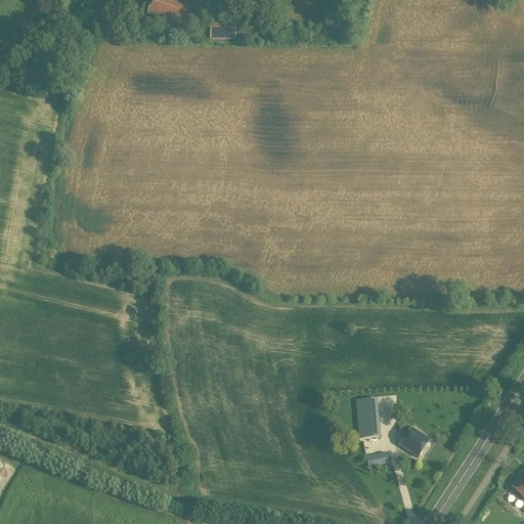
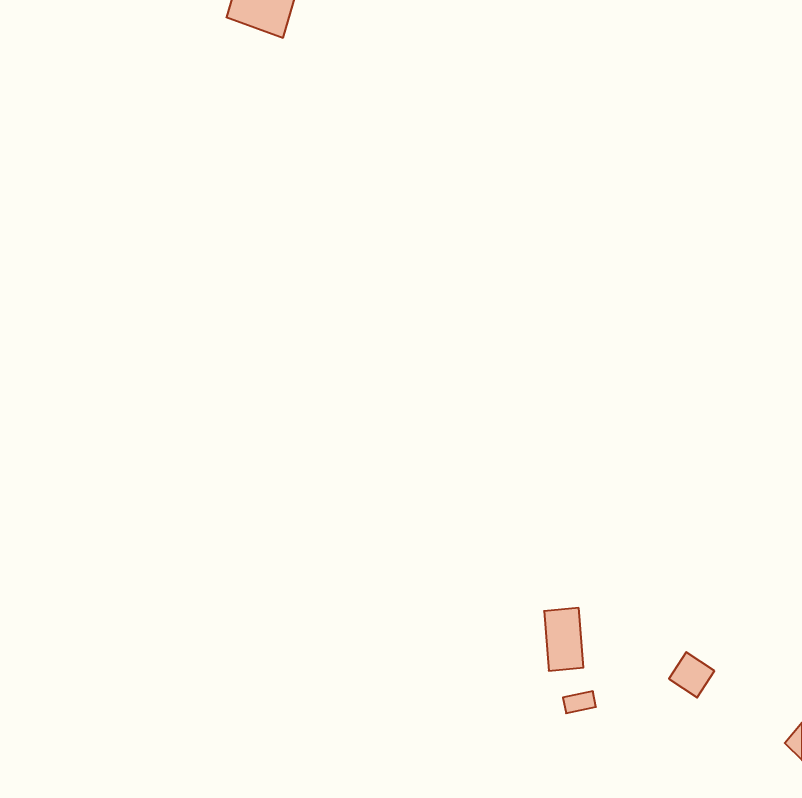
building: [400,426,430,455] -> [669,652,714,698]

